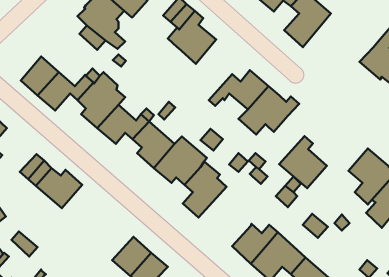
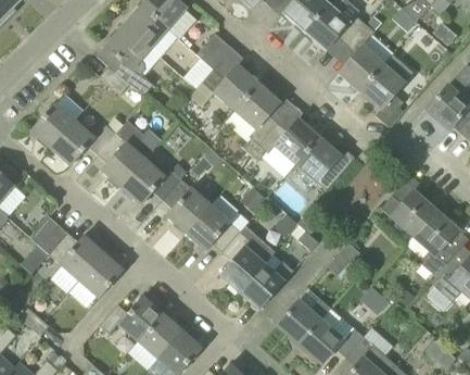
building: none -> [359,63,404,124]
building: none -> [233,83,280,153]
building: [279,136,327,188] -> [380,175,435,236]
building: none -> [78,252,123,298]
building: none -> [238,261,293,309]
building: none -> [99,296,162,340]

